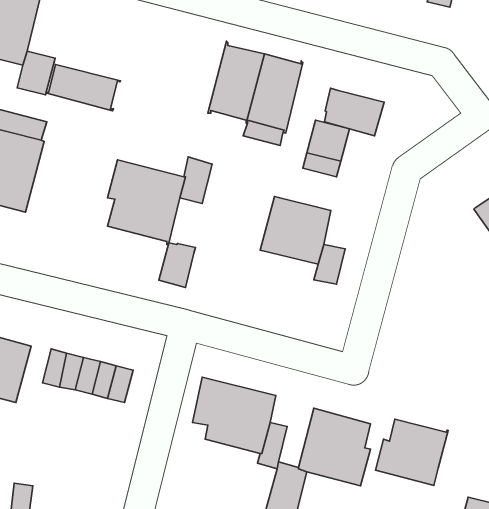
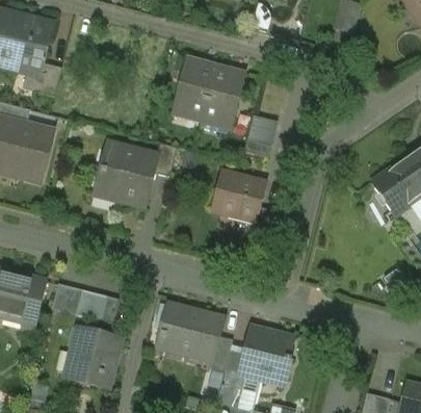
building: [46,65,120,111] -> none
building: [324,88,384,136] -> none
building: [159,243,196,288] -> none
building: none -> [68,328,122,388]
building: [376,419,448,486] -> none

